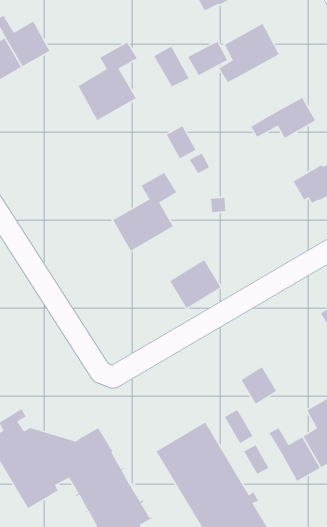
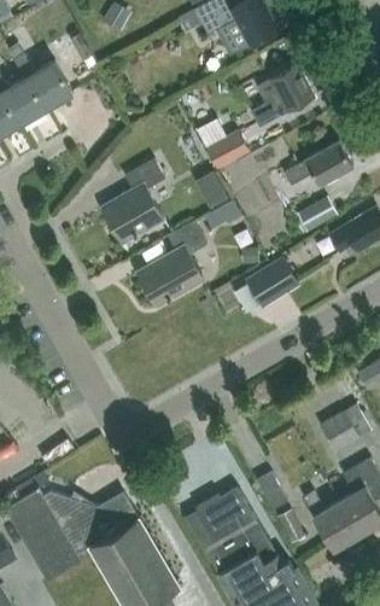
building: [187,41,228,76] -> [205,132,249,169]
building: [77,41,138,121] -> [101,161,165,245]
building: none -> [297,197,338,233]
building: [169,259,221,309] -> [245,256,300,309]
building: [241,366,277,405] -> [320,412,358,453]

